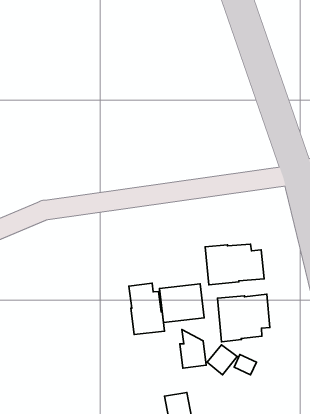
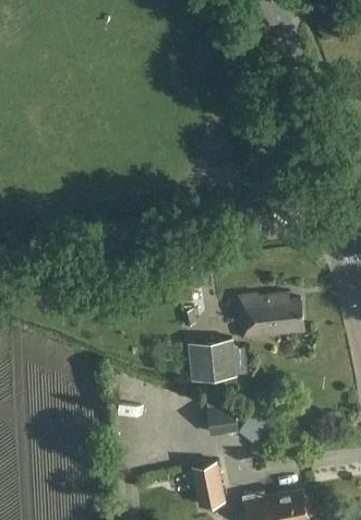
building: [129,283,165,335] -> none
building: [218,294,270,342] -> none

